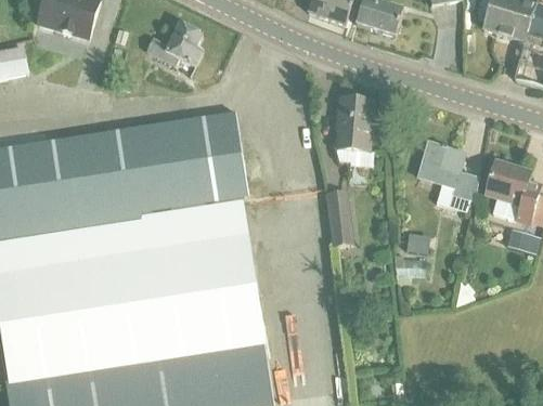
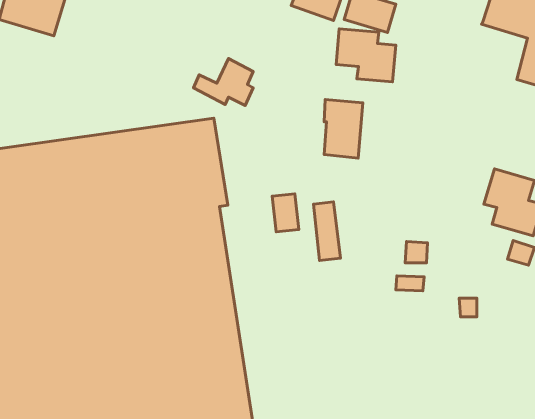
building: [146,22,202,65] -> [193,59,253,106]
building: none -> [336,29,396,82]
building: [417,140,479,210] -> none
building: none -> [272,194,299,232]

